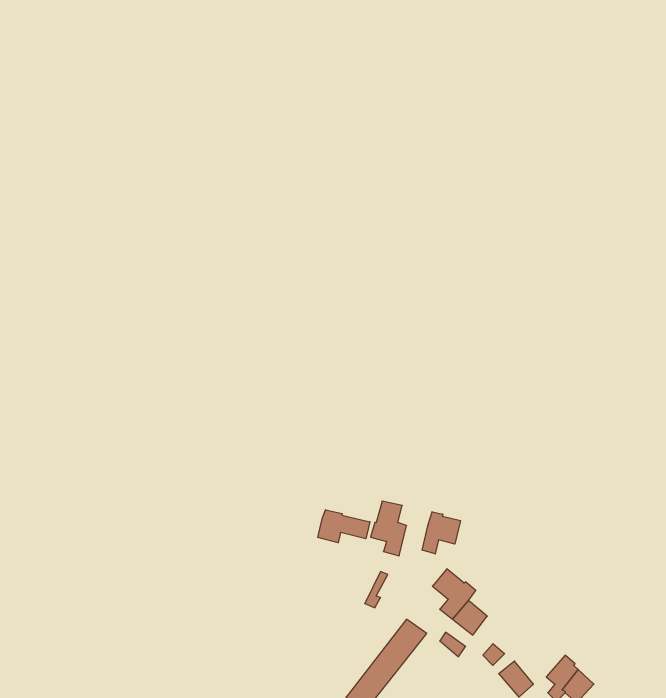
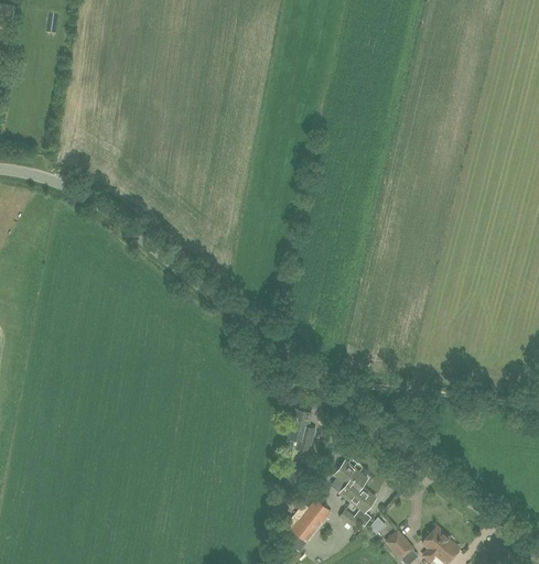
building: [318,510,370,543] -> none
building: [422,512,460,554] -> none

